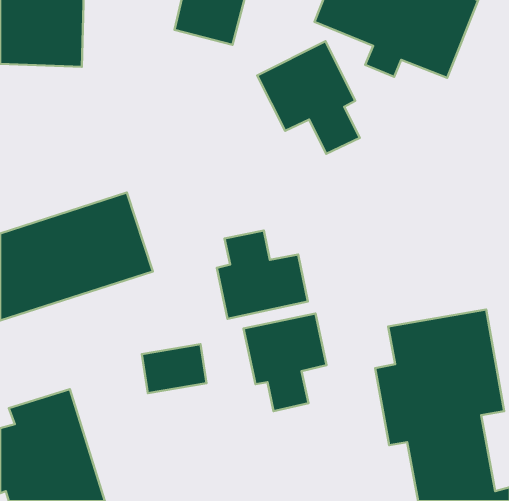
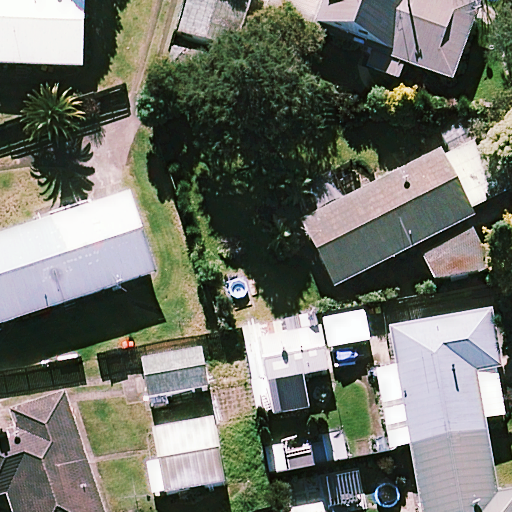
building: [257,41,360,154] -> none
building: none -> [294,143,467,281]
building: [217,231,308,319] -> none
building: none -> [153,417,225,490]

